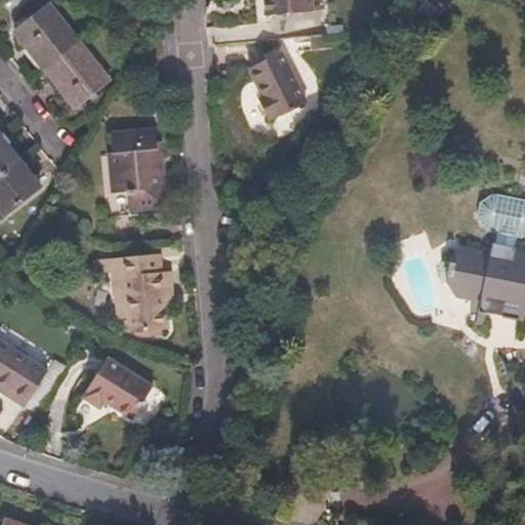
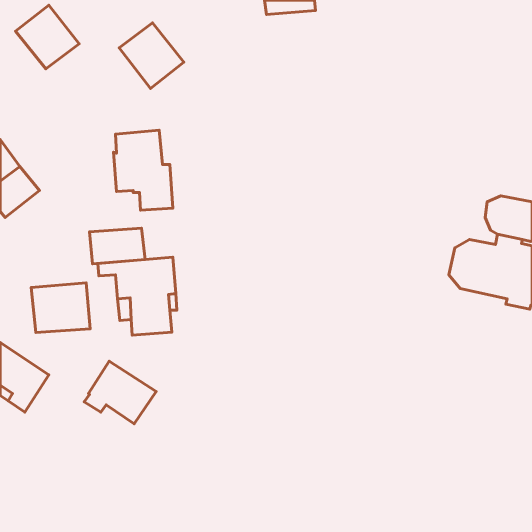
building: [45,43,109,108] -> [119,23,184,88]
building: [243,52,302,119] -> none
building: none -> [90,228,145,264]
building: none -> [31,283,90,333]

